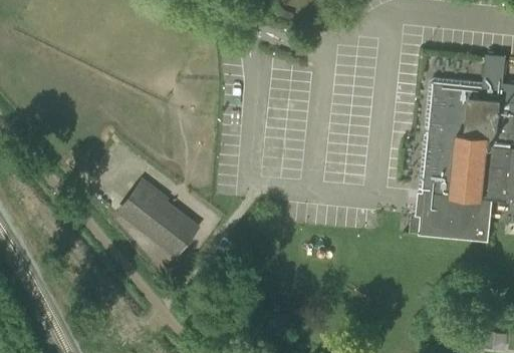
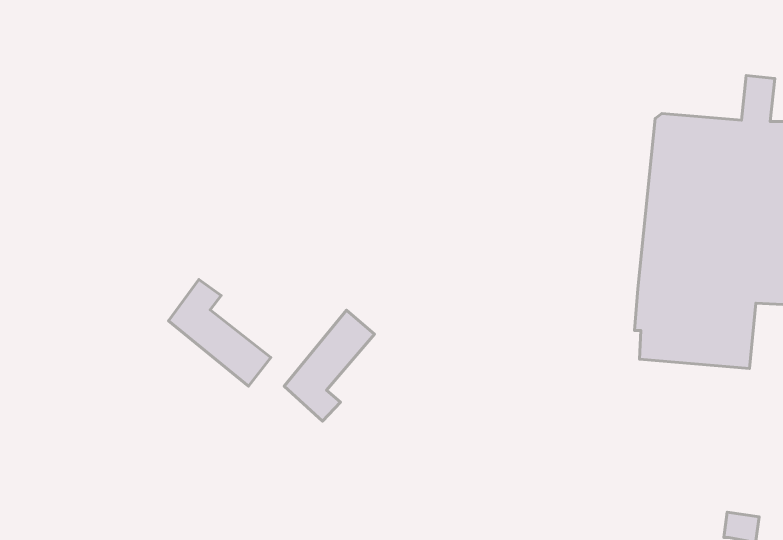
building: none -> [284,310,374,421]

